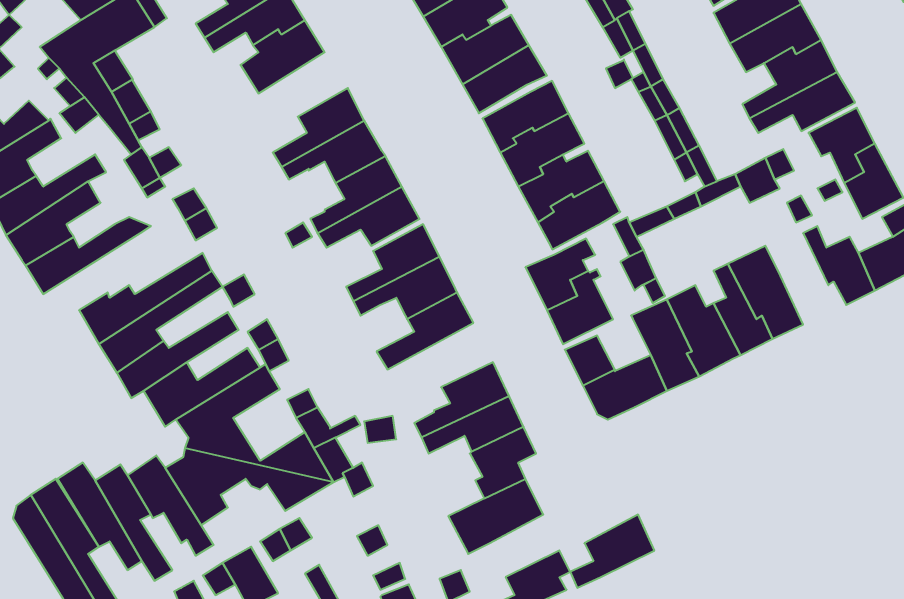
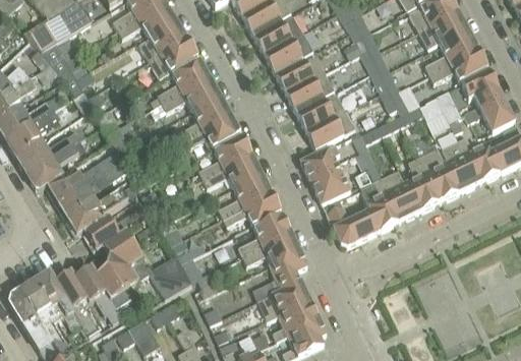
building: none -> [149,38,197,78]
building: none -> [442,140,482,192]
building: none -> [26,145,78,189]
building: none -> [222,191,281,226]
building: [570,515,654,588] -> [272,300,320,342]

